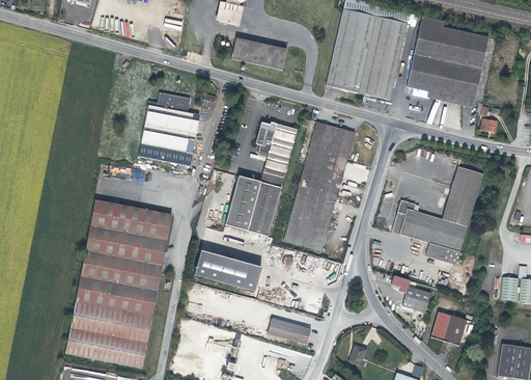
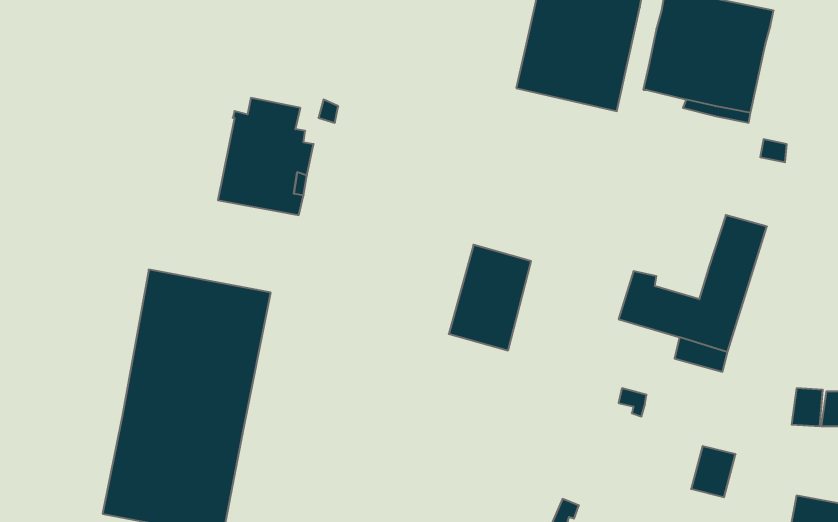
building: [231,38,287,70] -> none
building: [225,121,298,236] -> none
building: [300,121,354,194] -> none
building: [195,249,262,290] -> none
building: [406,286,430,309] -> none
building: [267,318,310,346] -> none

